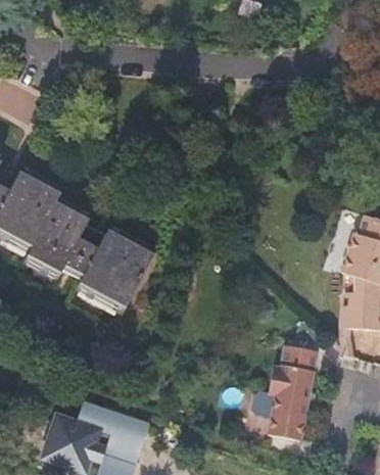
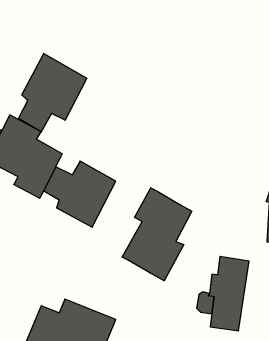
building: none -> [19,53,87,132]
building: none -> [122,188,192,281]

